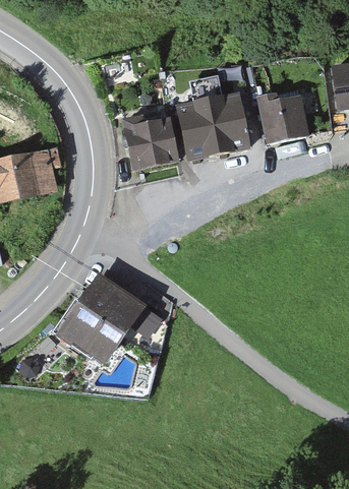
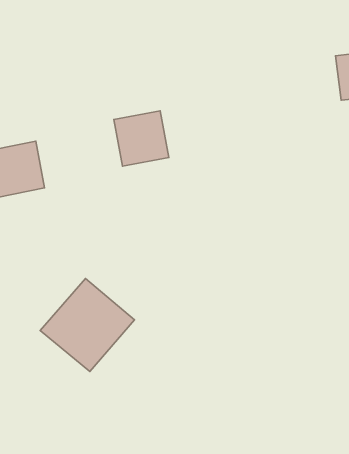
building: [179,95,248,160] -> none
building: [263,95,305,142] -> none

